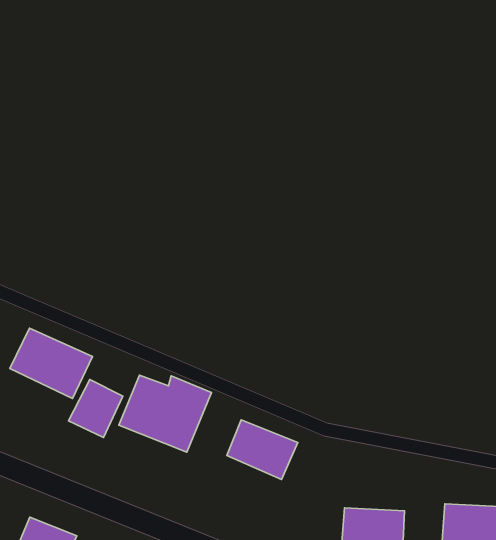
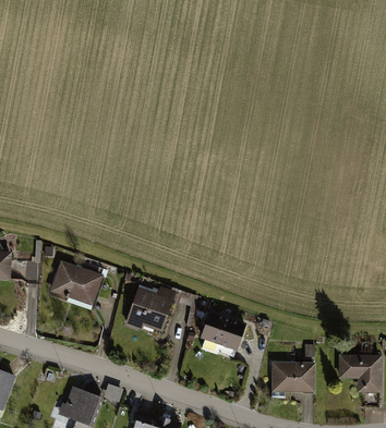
building: [68,380,123,438] -> none

